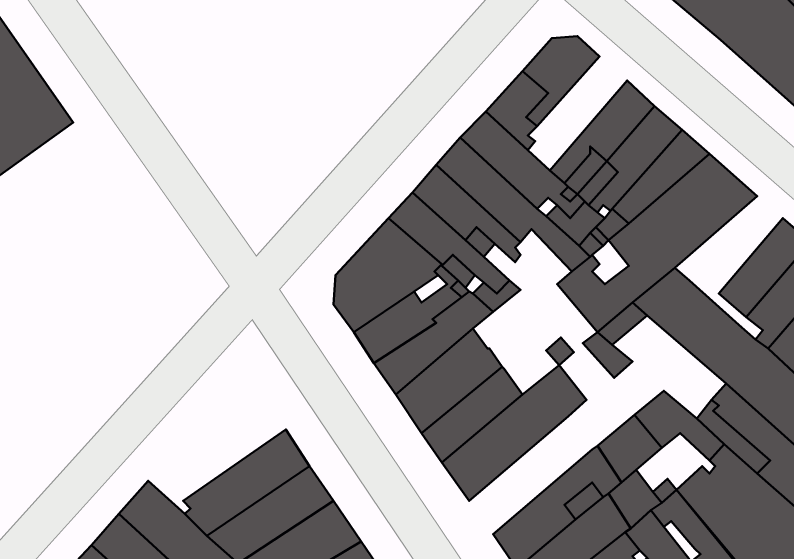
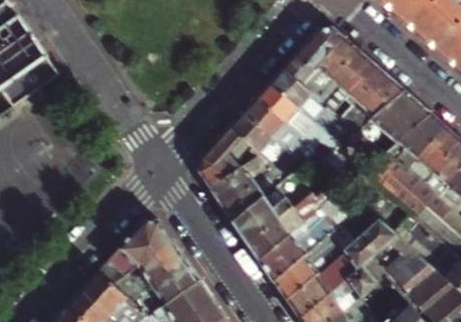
building: none -> [307,38,361,101]
building: none -> [388,115,447,168]
building: none -> [99,219,174,289]
building: none -> [275,235,342,300]

